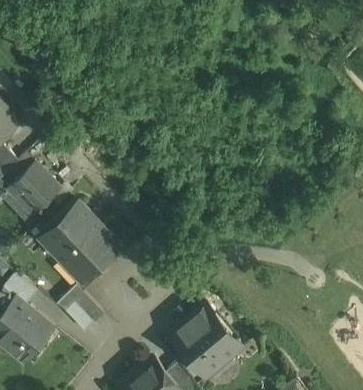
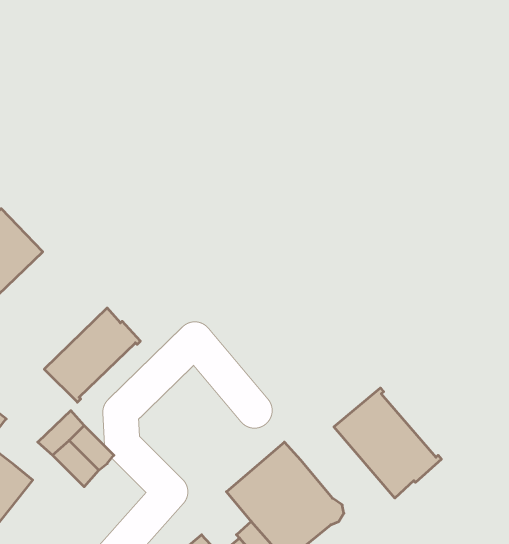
building: [41,202,98,259] -> none
building: none -> [334,388,441,498]

